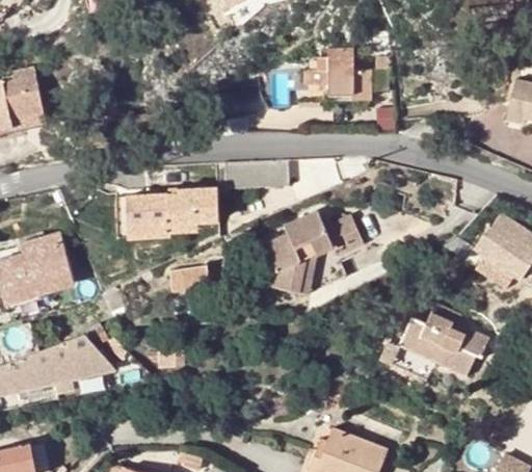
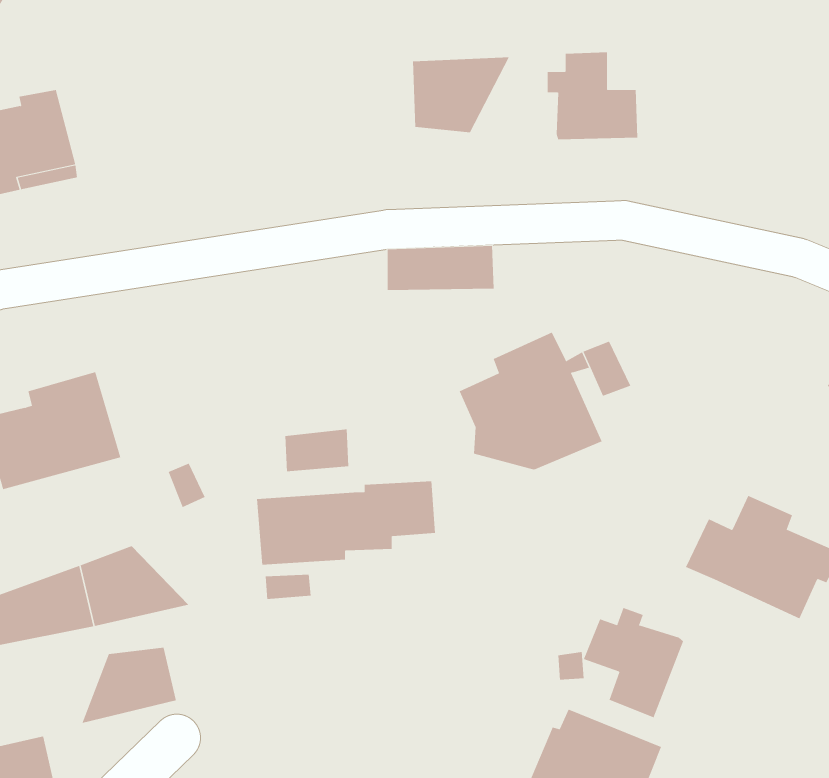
building: none -> [412,57,510,133]
building: [116,188,220,237] -> [256,481,436,565]
building: none -> [583,607,684,718]
building: none -> [82,647,177,724]

